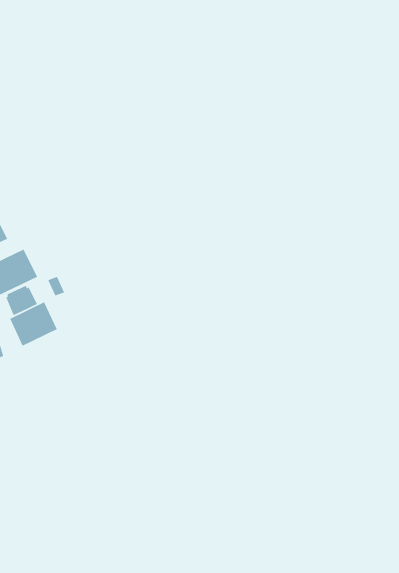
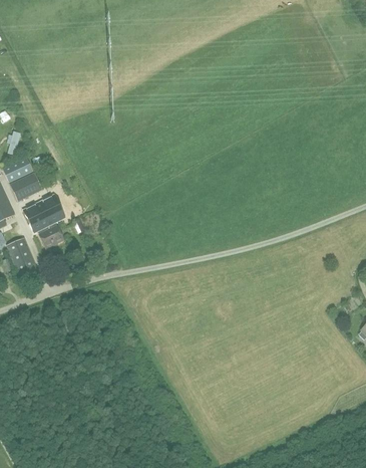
building: [9,301,58,347] -> none

